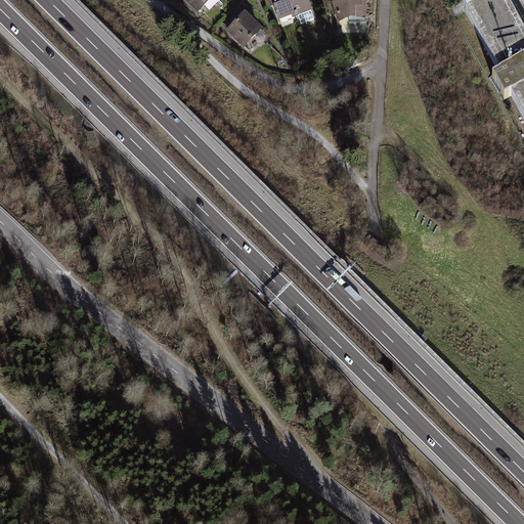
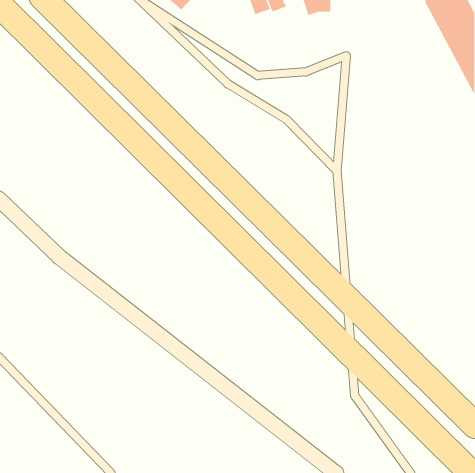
building: [226,10,263,46] -> none

